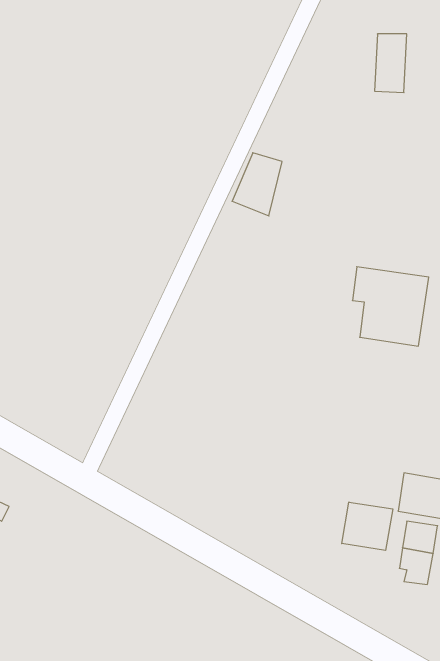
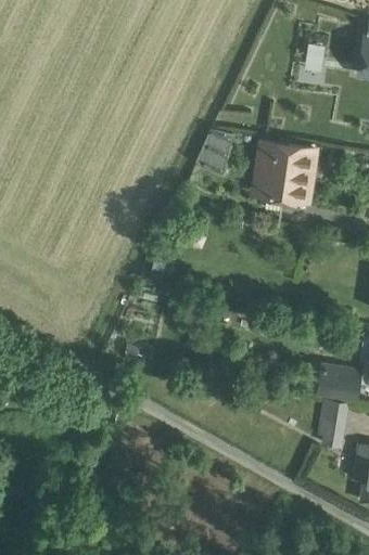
building: [352,267,429,346] -> [258,141,315,199]
building: [342,502,393,550] -> none

